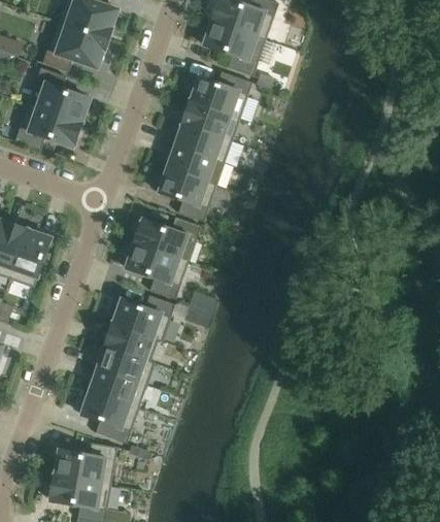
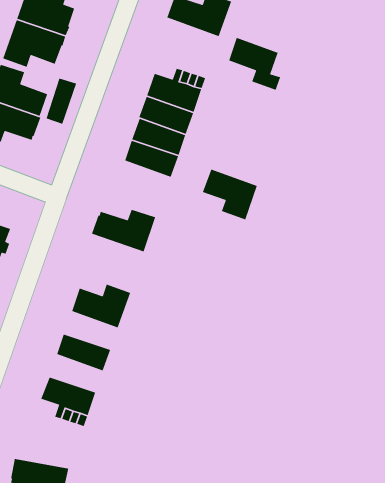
building: [203,20,265,75] -> [228,37,288,91]
building: none -> [46,77,77,125]
building: [158,167,215,221] -> [202,168,258,220]
building: [125,243,188,298] -> none
building: [104,323,161,362] -> none
building: [90,367,145,406] -> none
building: [54,442,116,485] -> none

